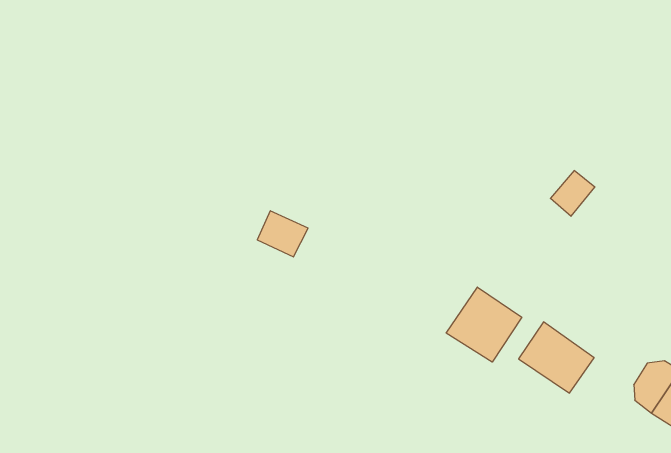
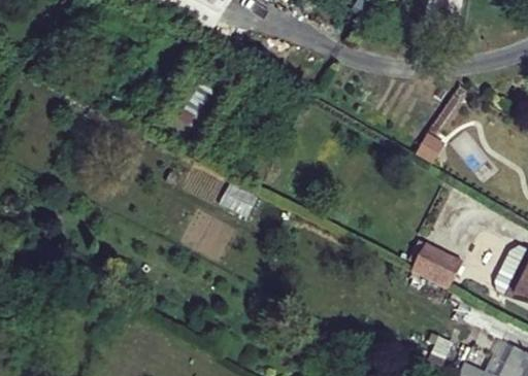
building: [446,287,522,362] -> none

